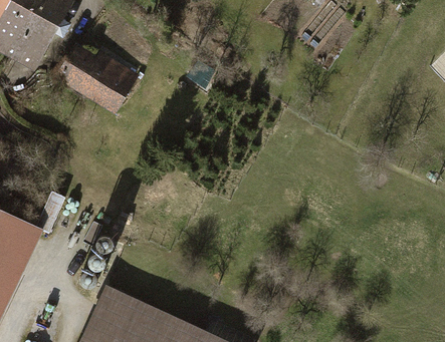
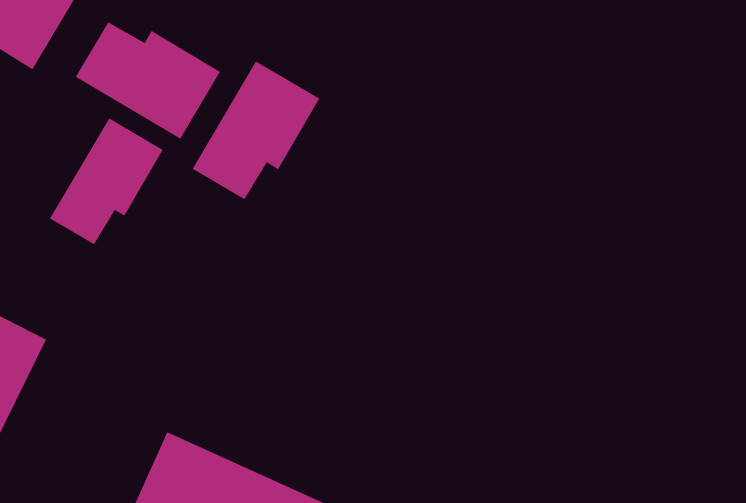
building: none -> [192,60,320,200]
building: none -> [49,118,164,245]

